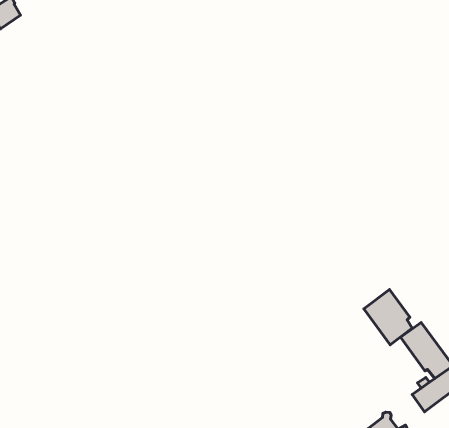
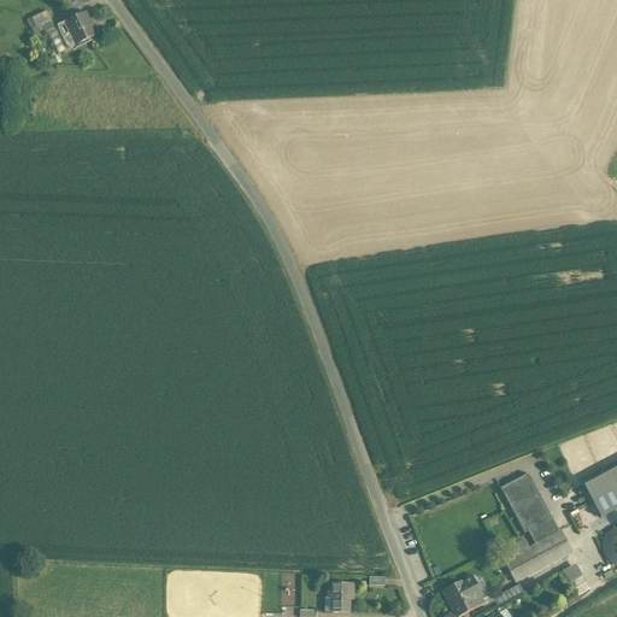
building: [364,289,412,345] -> none

